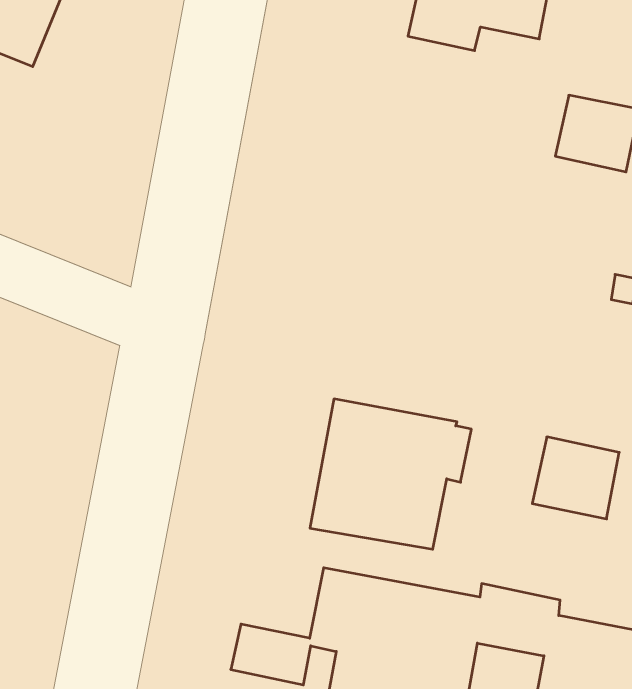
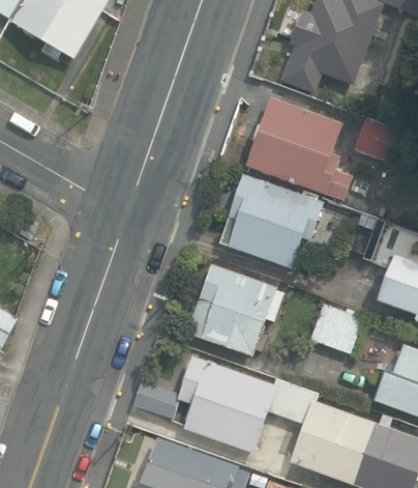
building: none -> [246,98,352,200]
building: none -> [219,176,322,266]

